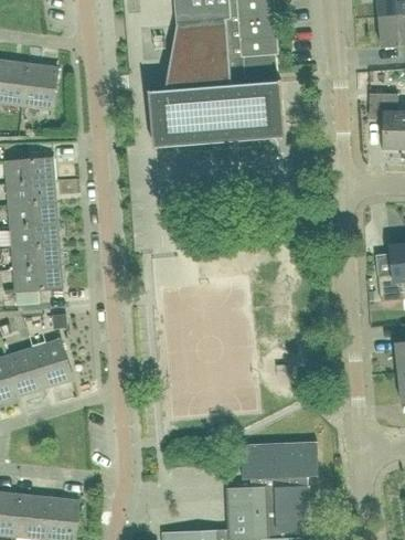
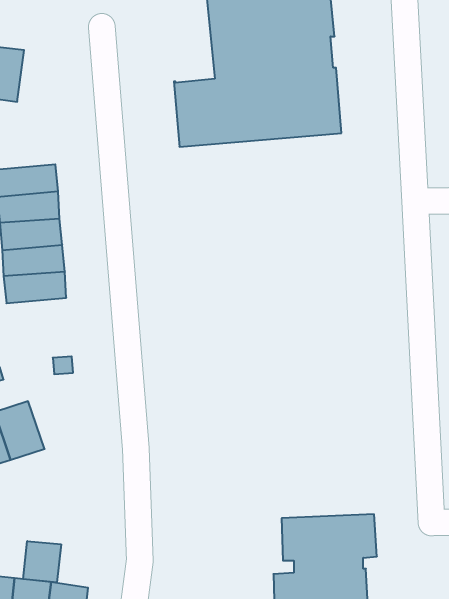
building: [22,65,57,110] -> none
building: [13,266,64,305] -> none
building: [31,340,73,389] -> none
building: none -> [23,541,61,582]

